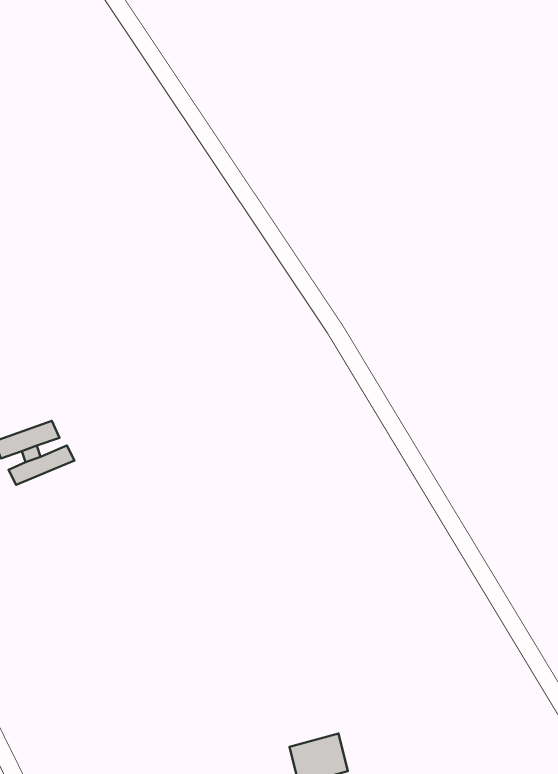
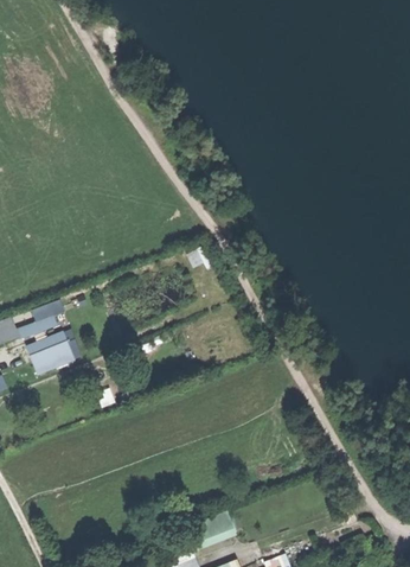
building: none -> [28,342,73,376]

